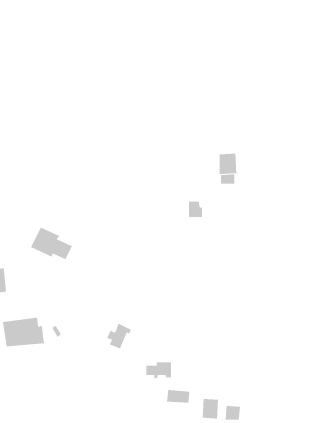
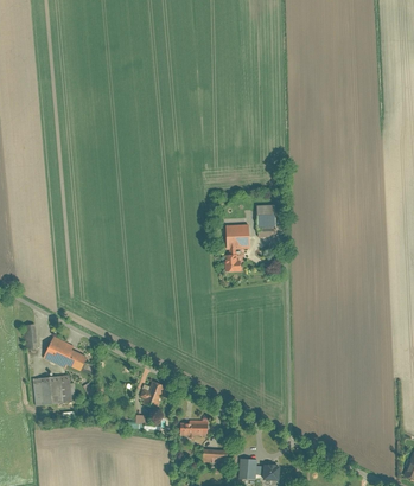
building: none -> [228,225,251,255]
building: [30,227,73,260] -> [45,337,89,371]

